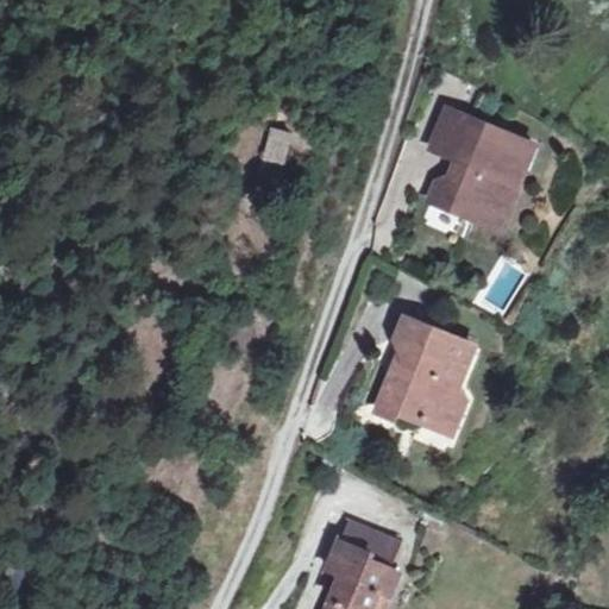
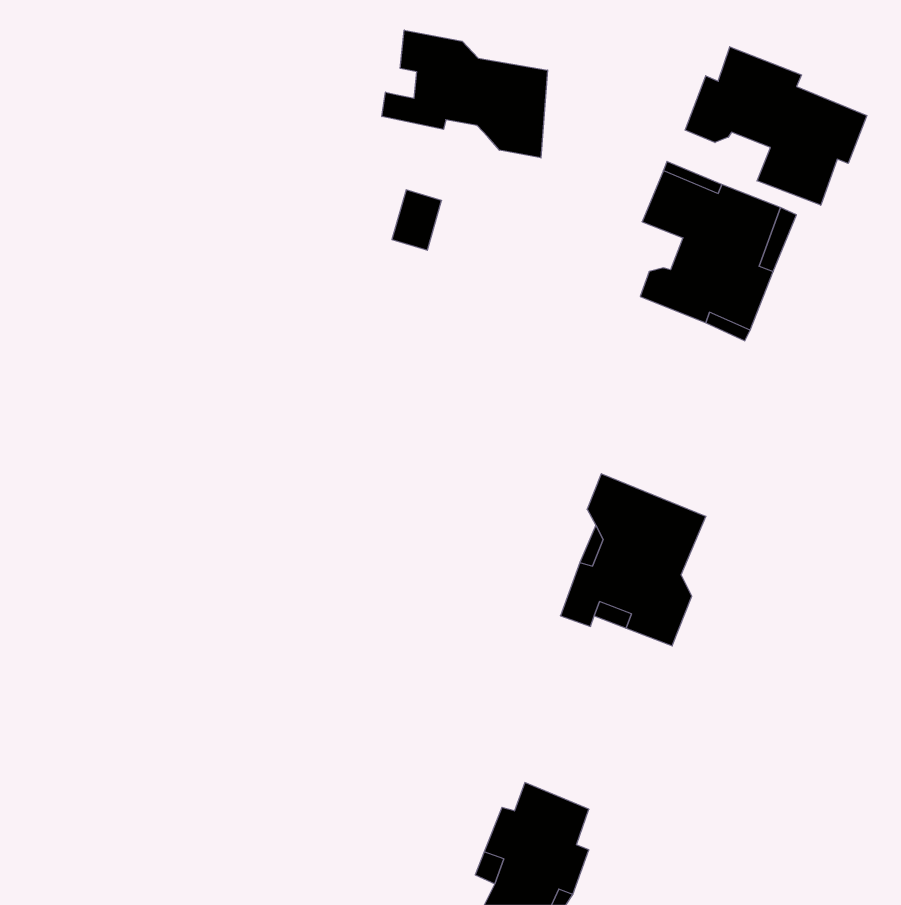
building: none -> [382,30,548,158]
building: none -> [685,47,867,205]

